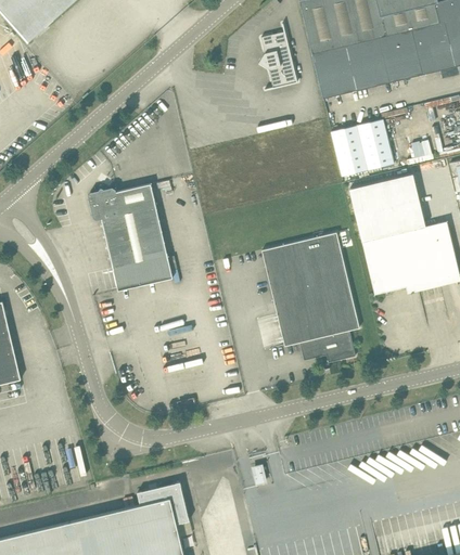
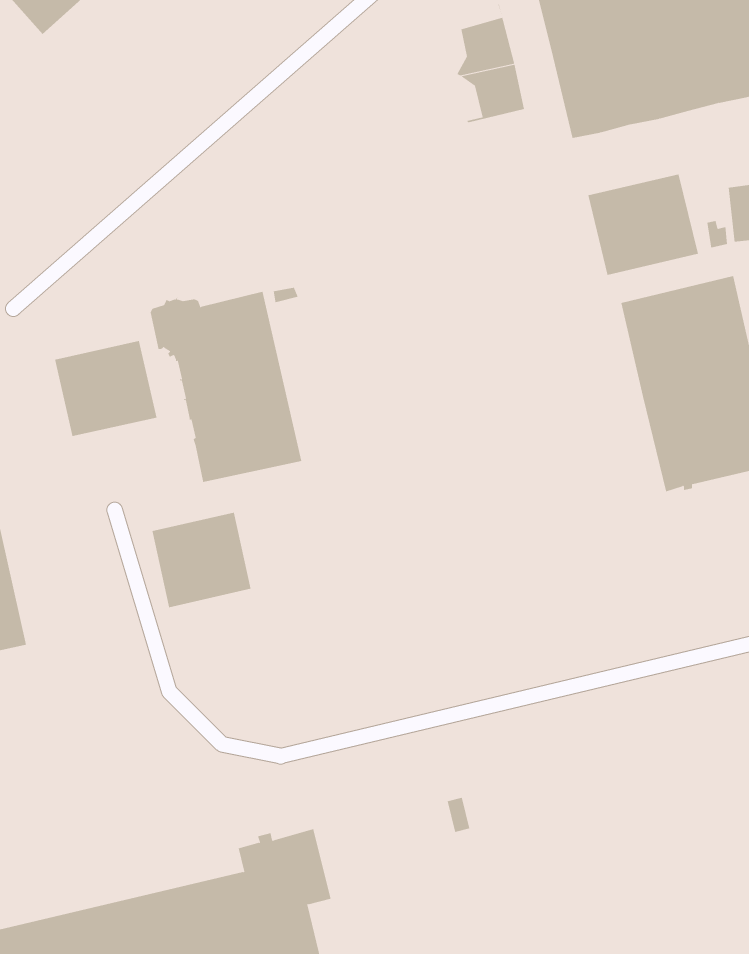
building: none -> [54,340,157,437]
building: [261,232,359,363] -> none
building: none -> [152,512,251,608]

